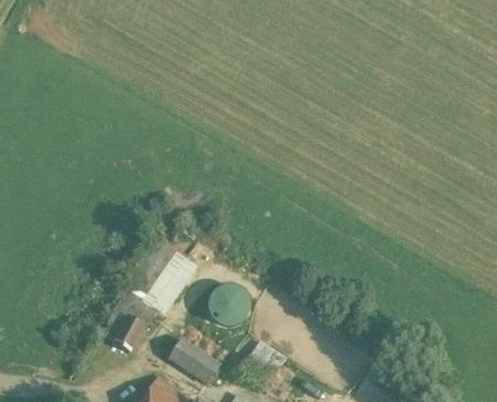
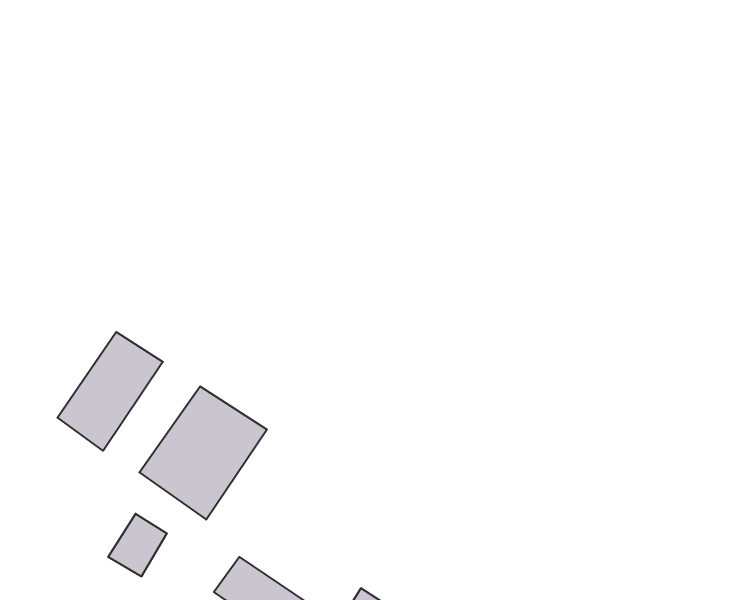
building: none -> [57,332,163,451]
building: [209,282,246,326] -> none

